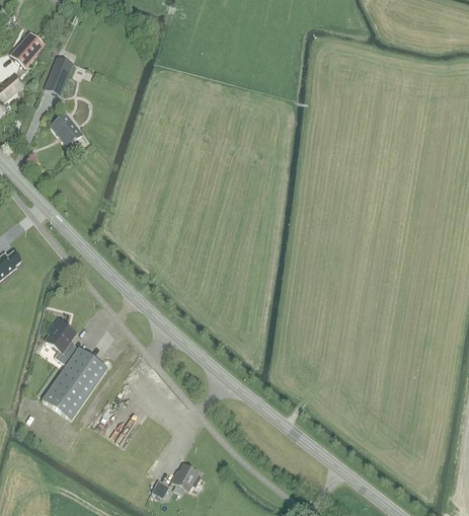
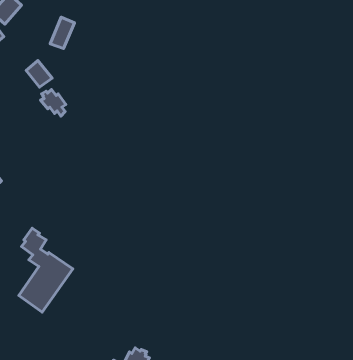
building: [44,56,73,94] -> [50,17,74,49]
building: none -> [41,89,66,116]

